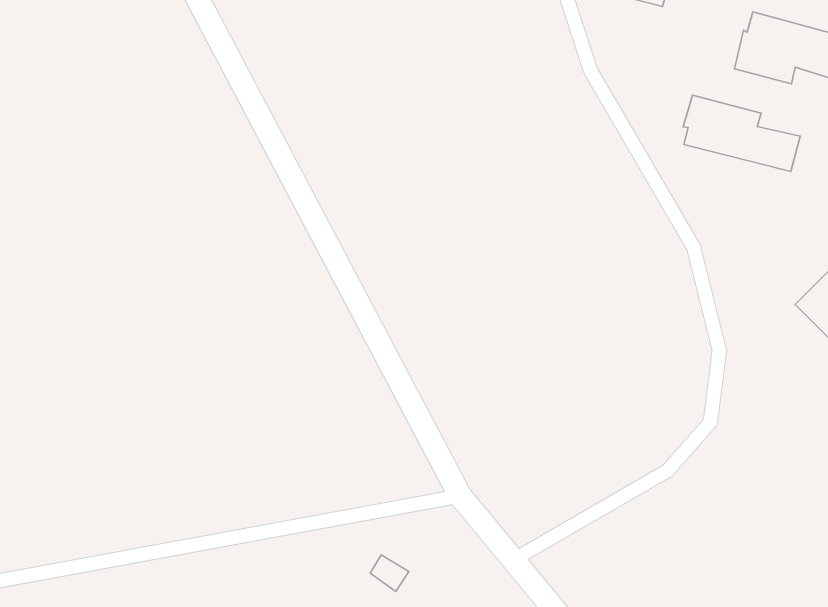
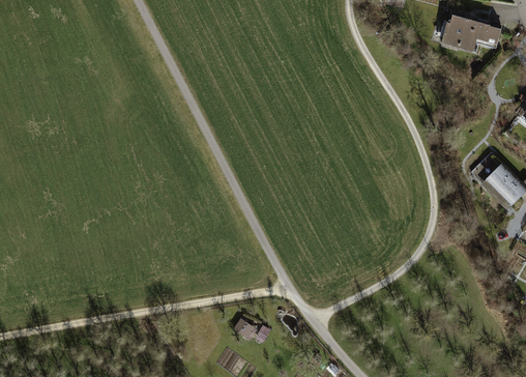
building: [683,95,800,172] -> none

